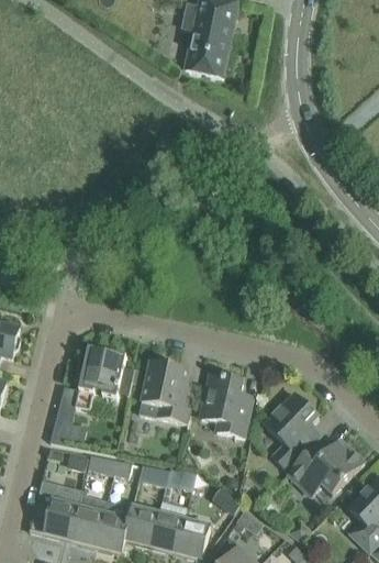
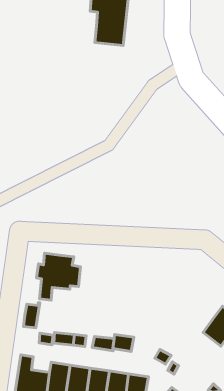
building: [140,361,194,423] -> none
building: [200,374,253,437] -> none
building: [265,393,319,470] -> none

